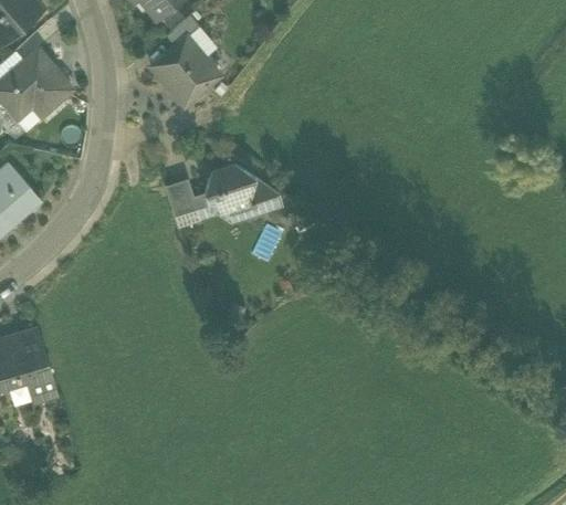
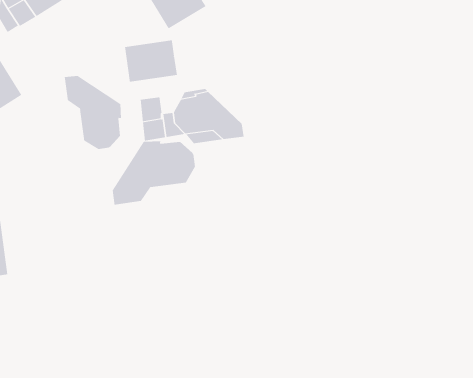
building: none -> [124,40,177,82]
building: none -> [64,75,121,150]
building: none -> [112,140,196,206]

